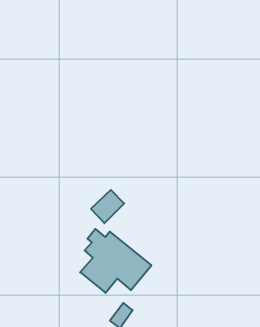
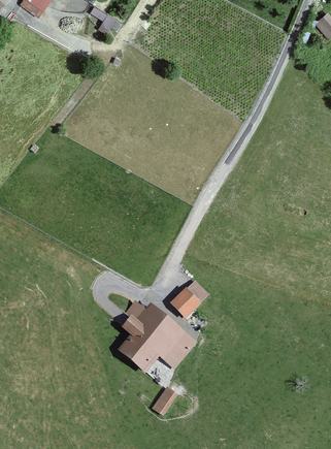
building: [91,190,124,223] -> [171,280,209,318]

